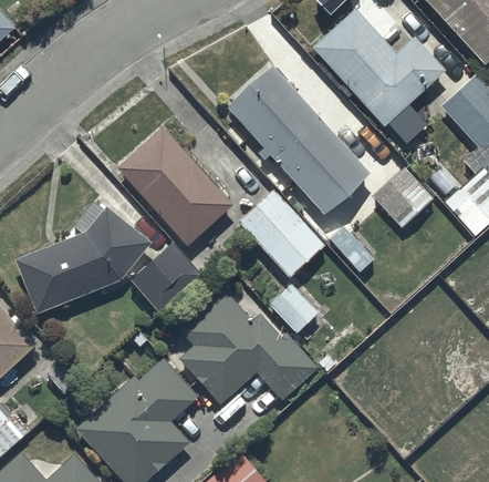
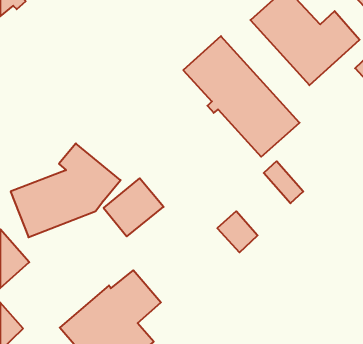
building: [117,126,233,248] -> none
building: [372,166,434,227] -> none
building: [236,187,326,280] -> none
building: [178,290,320,408] -> none

